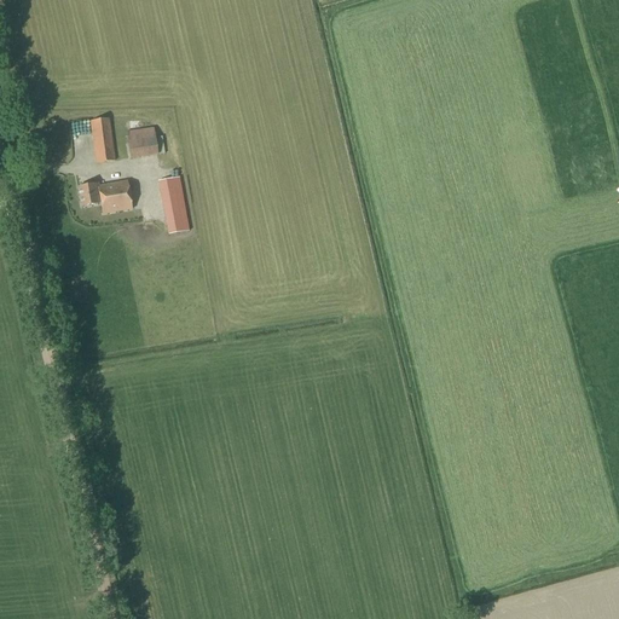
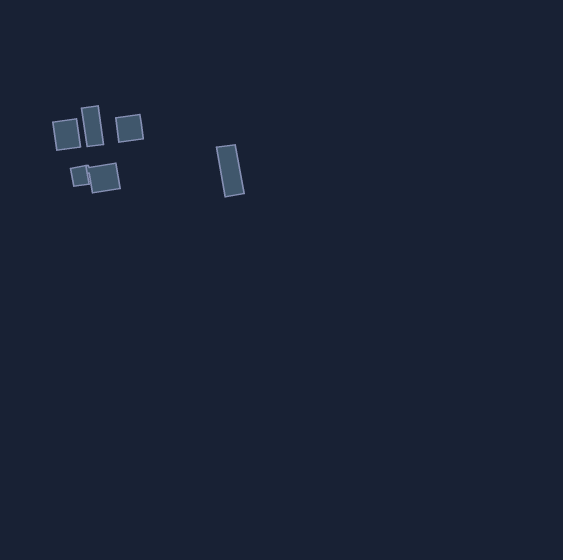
building: none -> [53,119,80,150]
building: [158,175,189,232] -> [217,145,244,197]

